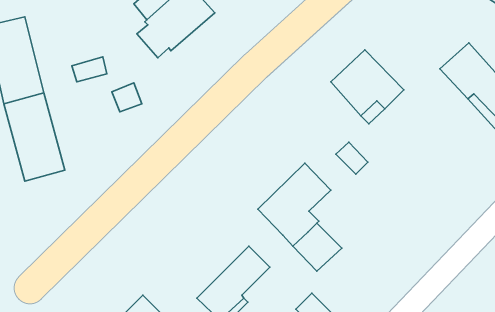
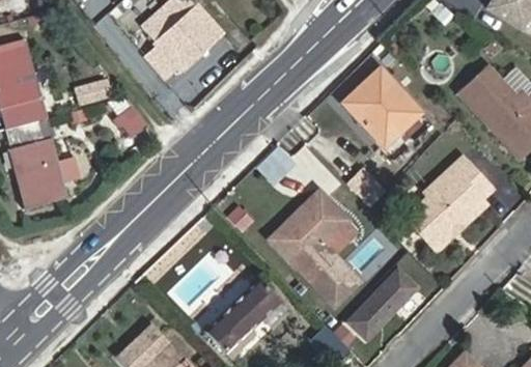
building: none -> [406,151,487,244]
building: none -> [347,269,415,335]

